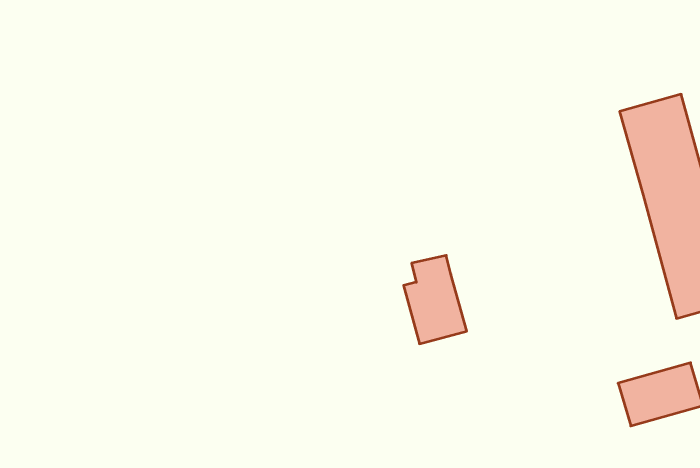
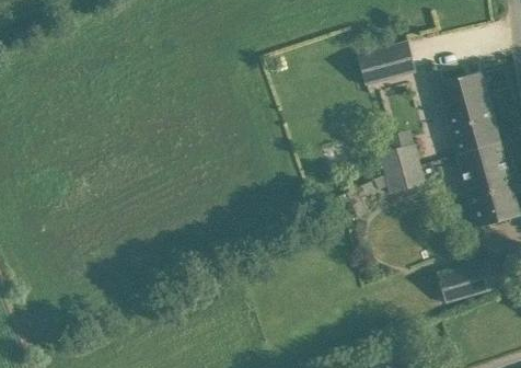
building: none -> [357,43,416,85]
building: [404,255,467,344] -> [381,131,425,193]

